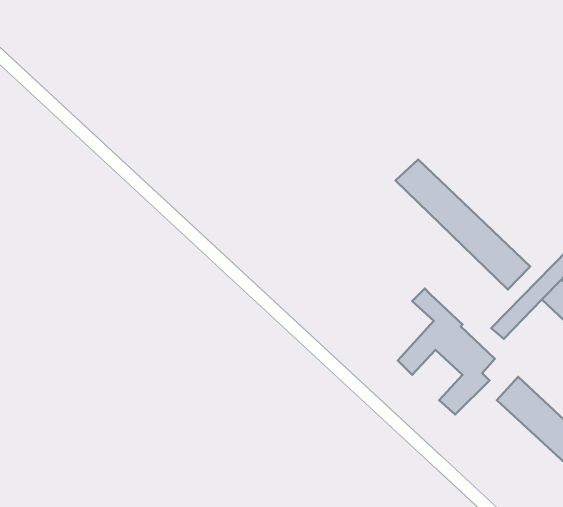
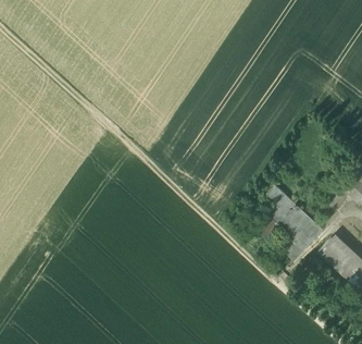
building: [396,159,530,290] -> none

